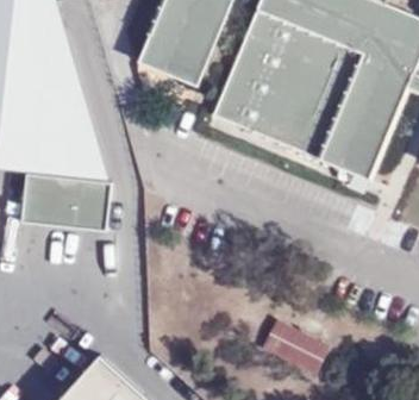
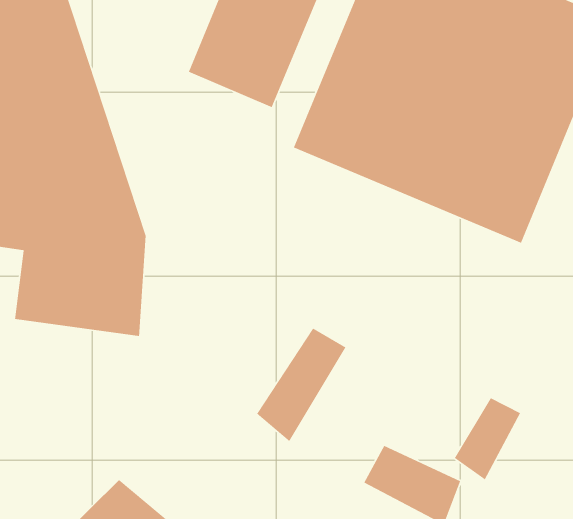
building: none -> [256,328,347,442]
building: none -> [454,397,521,480]

